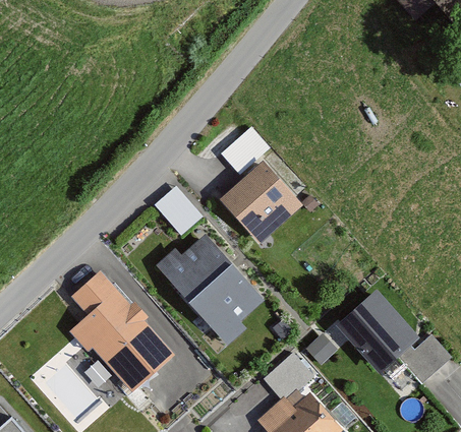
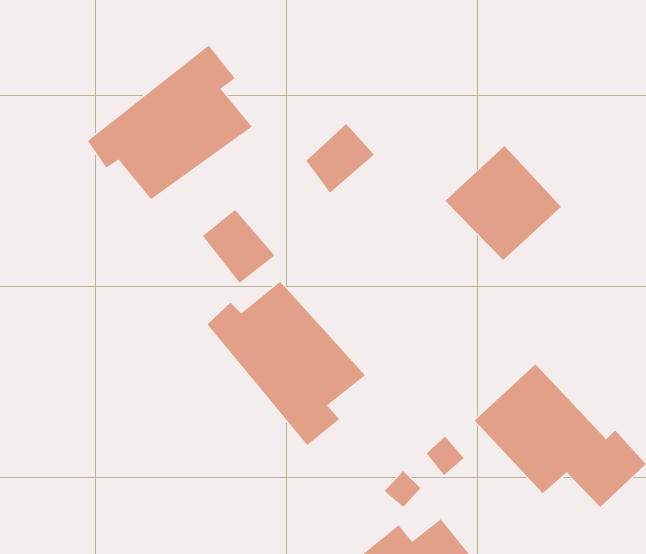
building: none -> [87,44,253,200]
building: [224,168,303,246] -> [445,145,562,261]
building: [70,274,177,393] -> none

